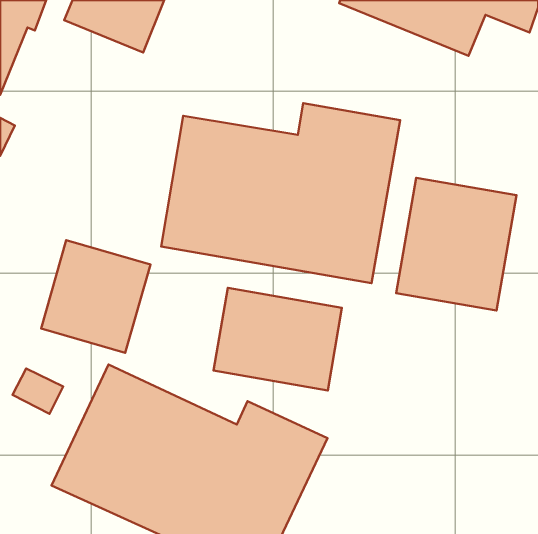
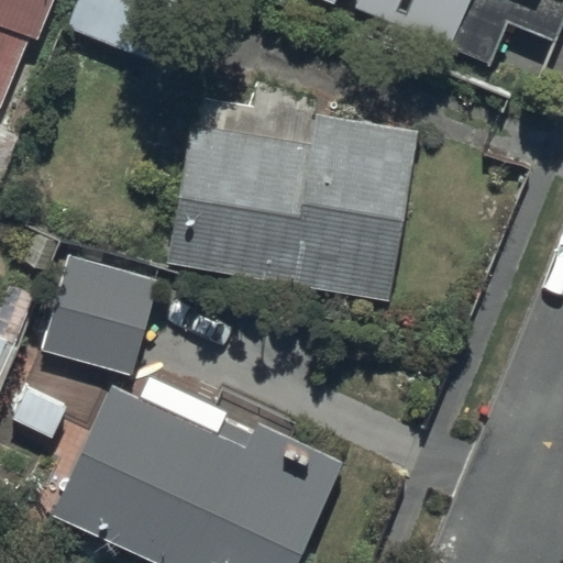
building: [396,178,517,311] -> none
building: [214,288,342,390] -> none

